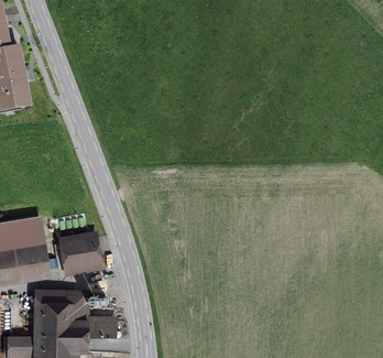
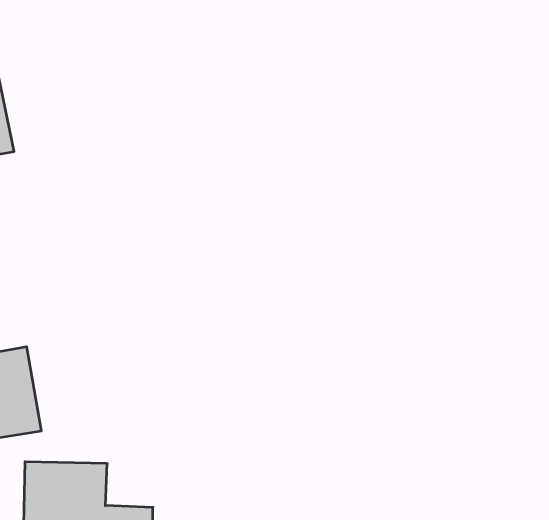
building: [54,237,98,268] -> none

